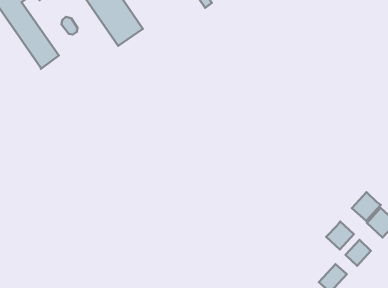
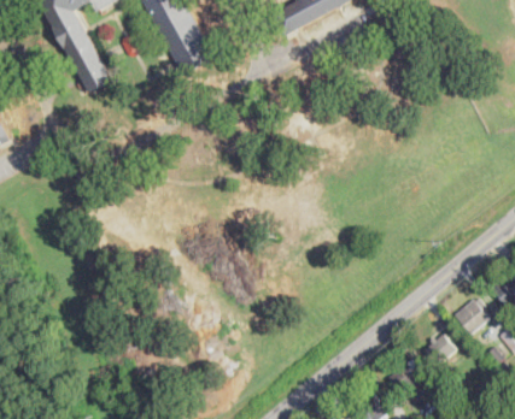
building: [352,192,381,221] -> none
building: [326,221,354,249] -> none

